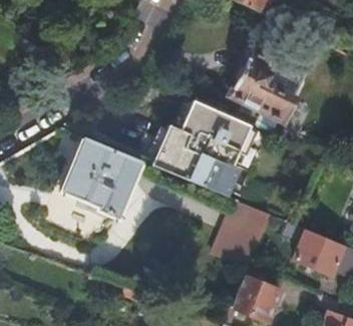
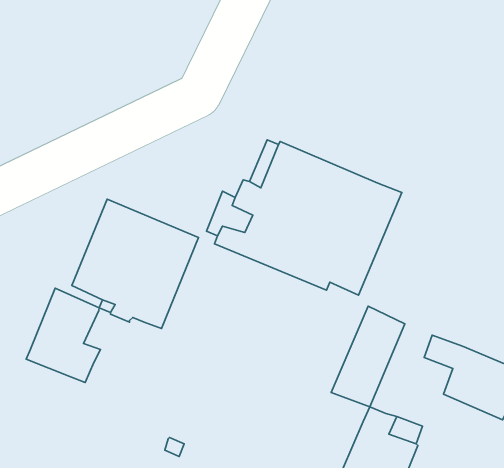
building: [230,52,302,136] -> none
building: none -> [26,288,101,382]

